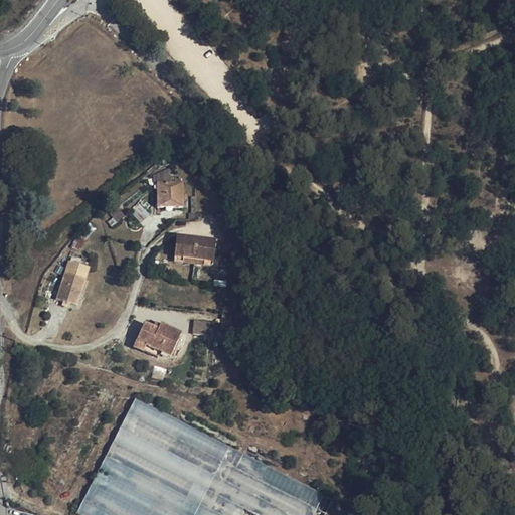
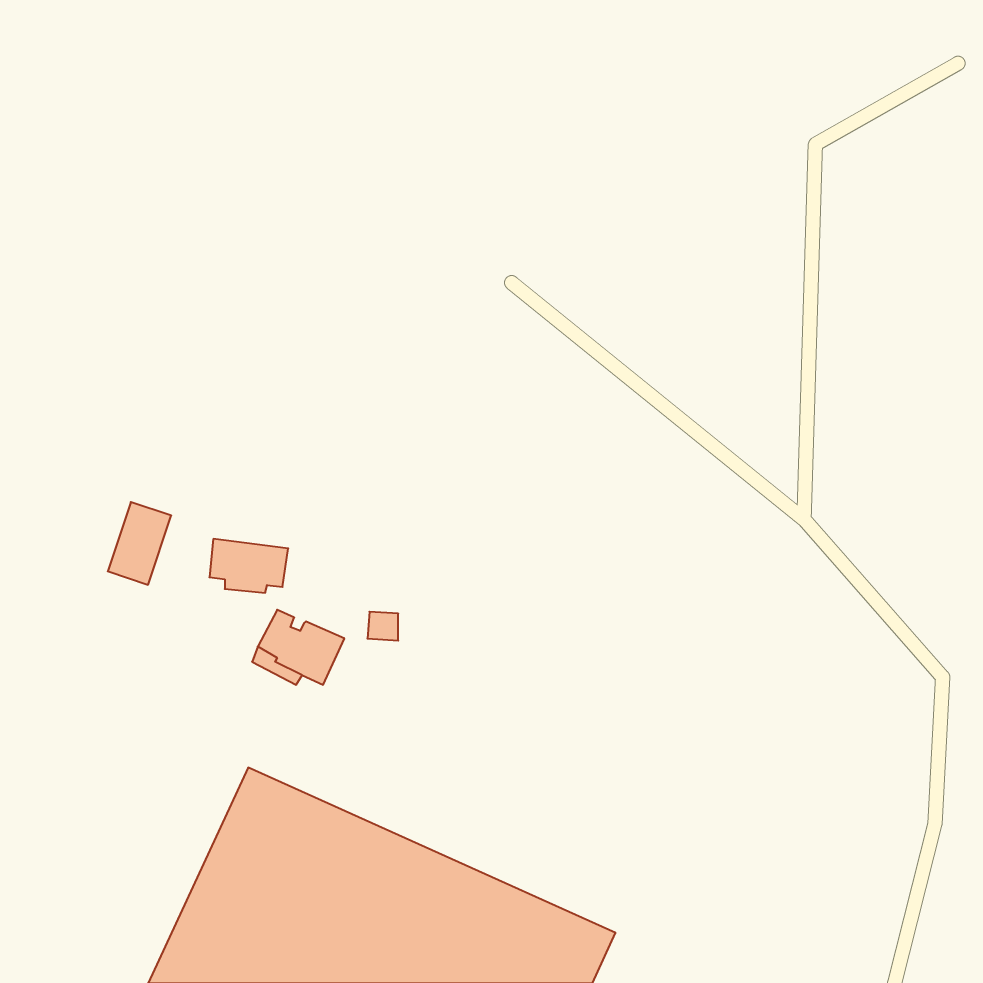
building: [157,183,182,208] -> none
building: [173,237,214,266] -> [209,539,288,593]

